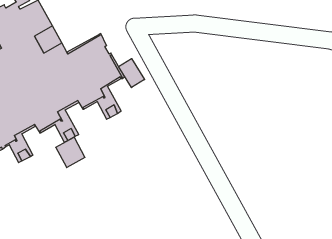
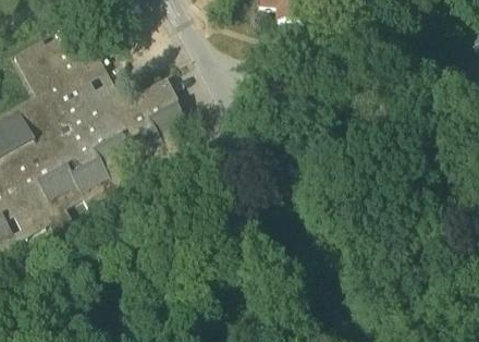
building: [118,59,145,88] -> none
building: [56,137,85,168] -> none

